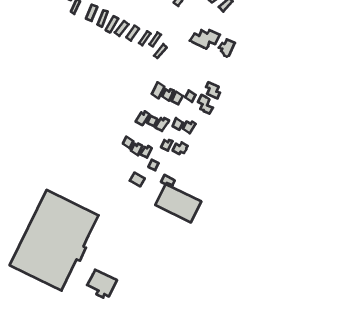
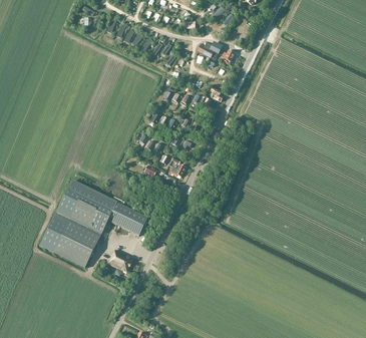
building: [155,184,201,222] -> [107,202,147,235]

